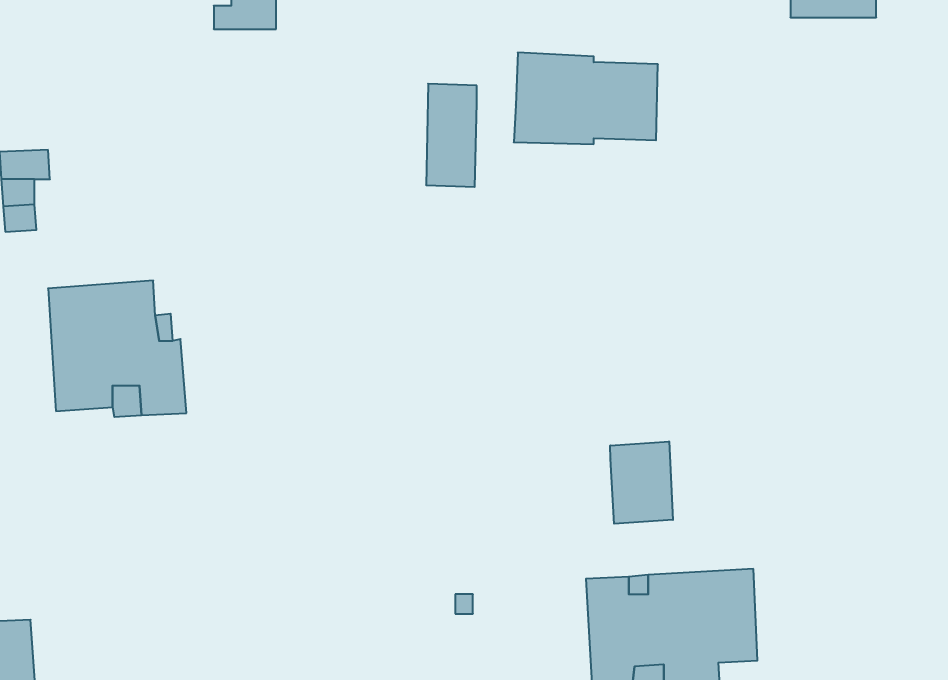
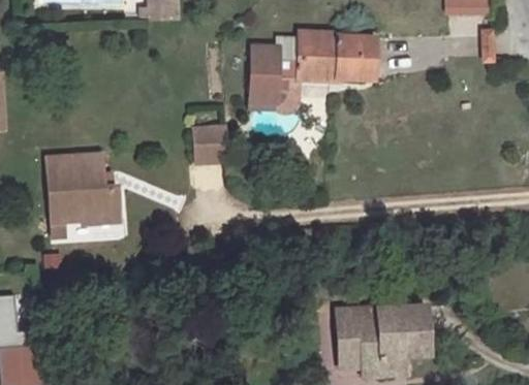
building: none -> [249,58,298,114]
building: none -> [192,124,227,163]
building: [610,441,673,524] -> none

